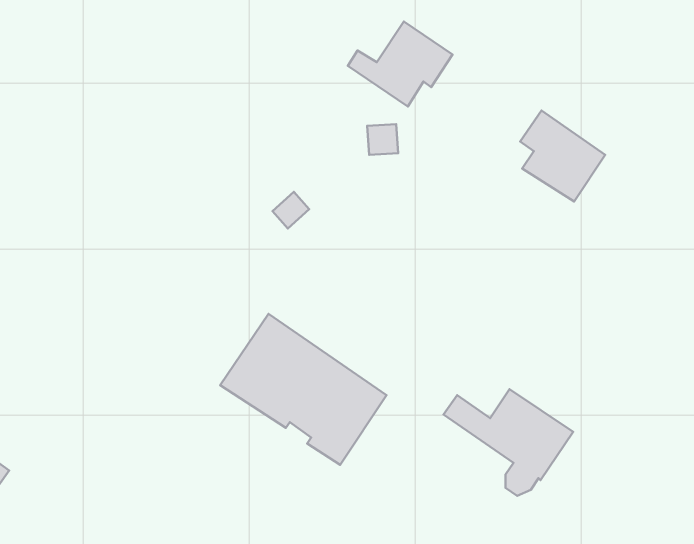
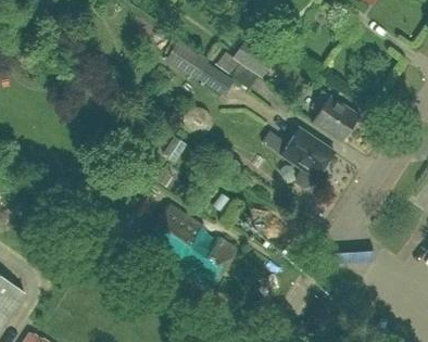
building: none -> [164,40,232,97]
building: [444,389,573,496] -> [262,126,335,186]

